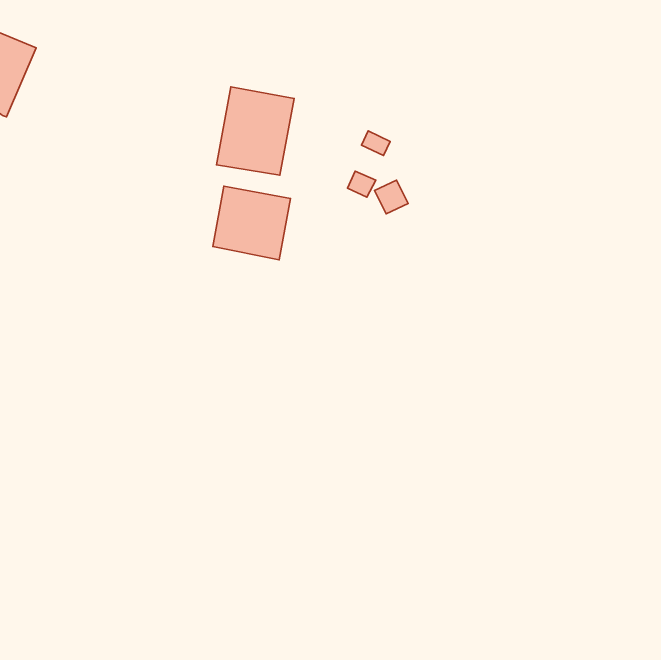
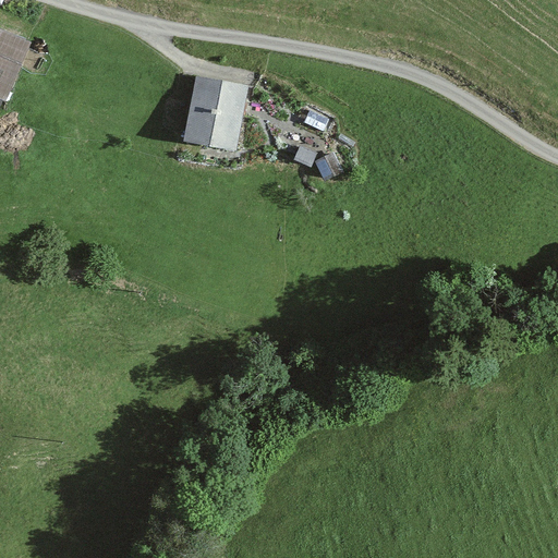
building: [213,186,291,260] -> none

